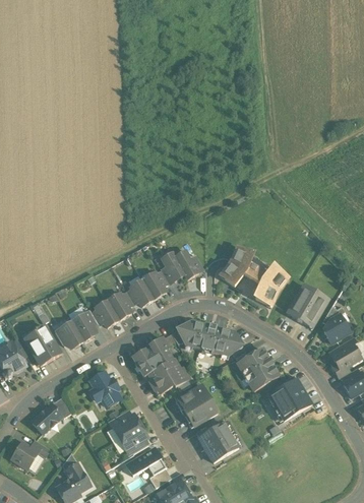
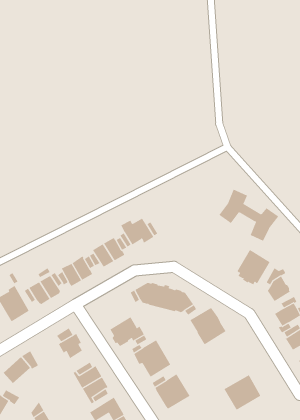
building: [220,247,287,305] -> [218,189,279,241]
building: [132,337,172,376] -> none
building: [268,379,310,419] -> [223,375,261,410]

